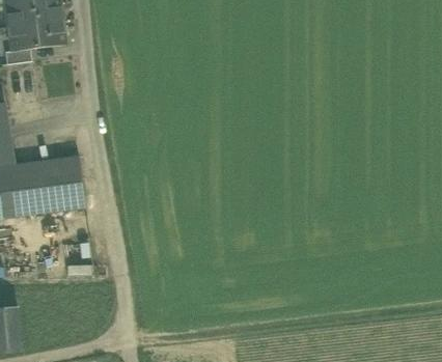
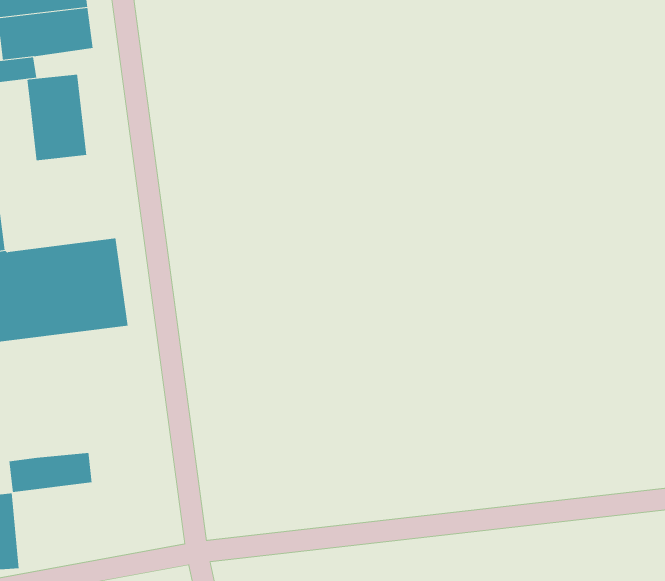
building: none -> [27,74,87,161]
building: none -> [9,452,92,493]

